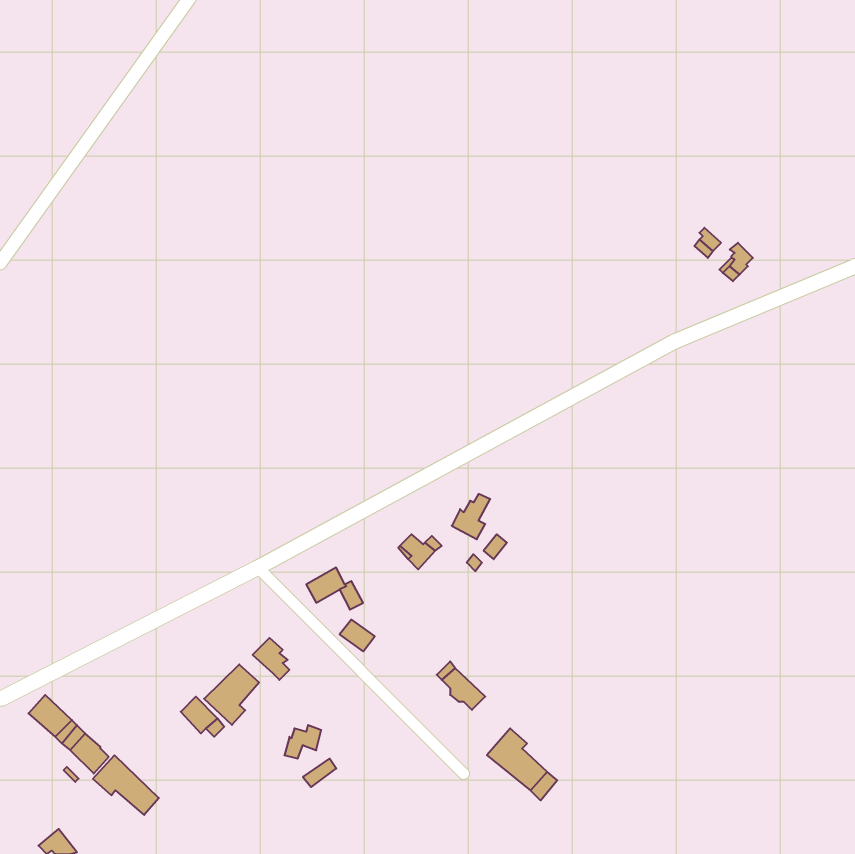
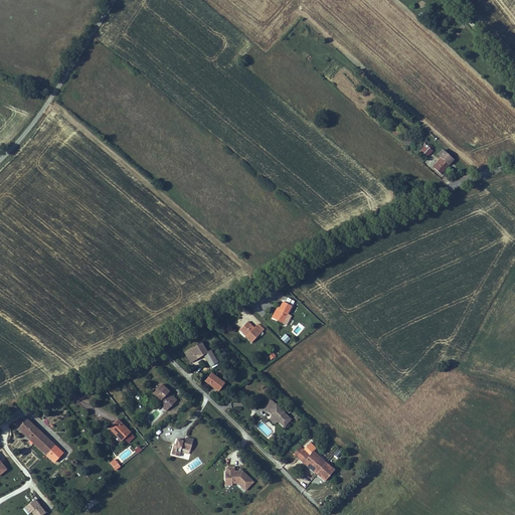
building: [204,664,259,725] -> none
building: [93,755,159,815] -> none
building: none -> [225,466,254,491]

